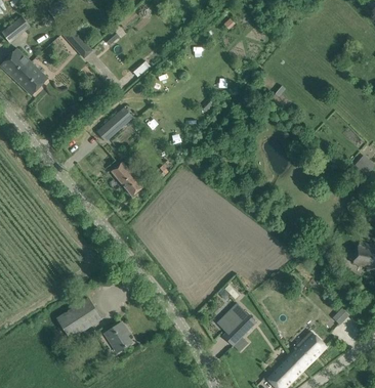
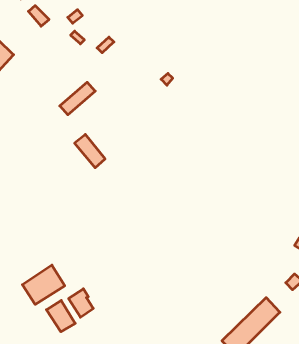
building: [217,303,257,346] -> none
building: none -> [46,300,75,332]

